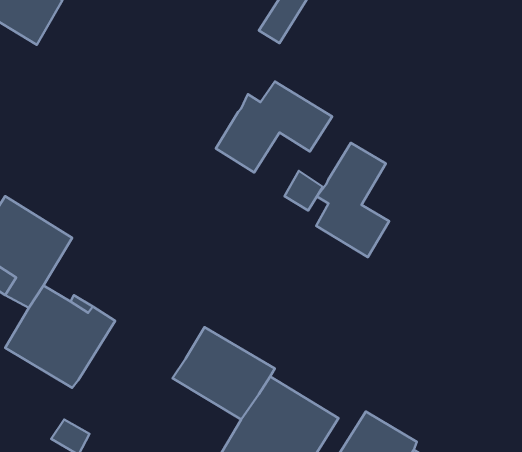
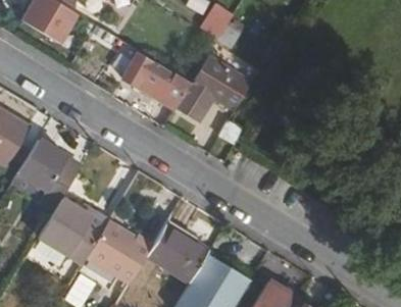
building: none -> [119,56,189,113]
building: [316,143,389,257] -> none
building: none -> [87,220,155,285]

